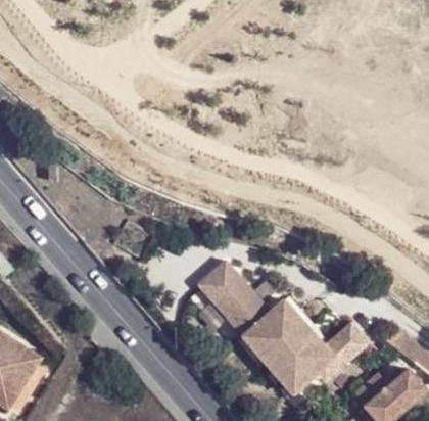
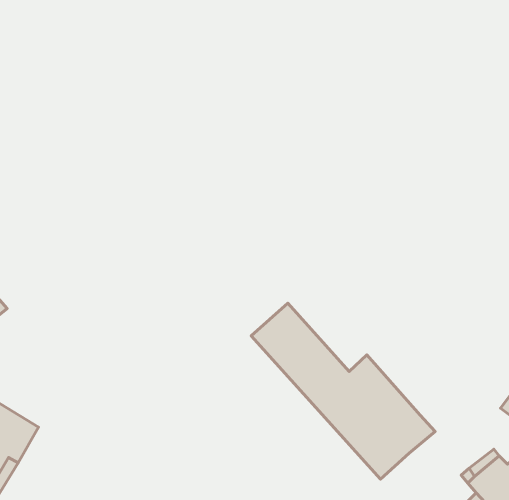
building: [316,323,370,385] -> none

